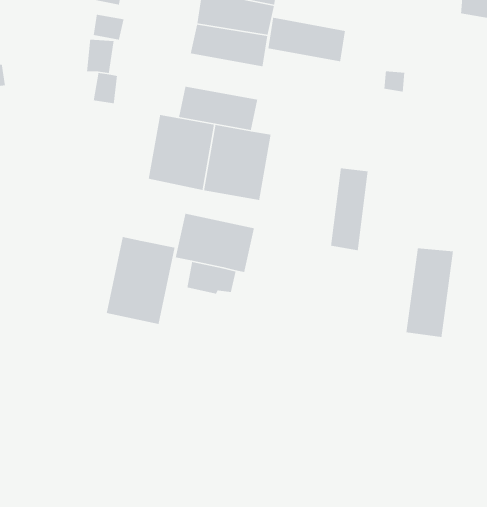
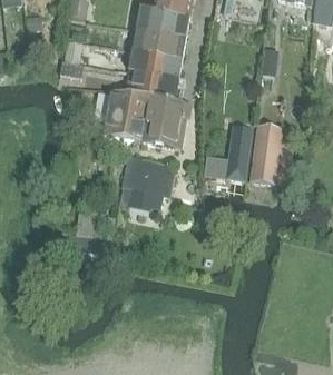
building: [267,17,346,62] -> [128,48,180,78]
building: [106,236,175,325] -> none
building: [406,247,454,338] -> [249,121,282,181]

